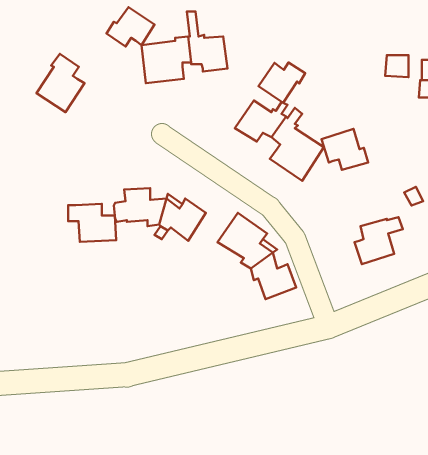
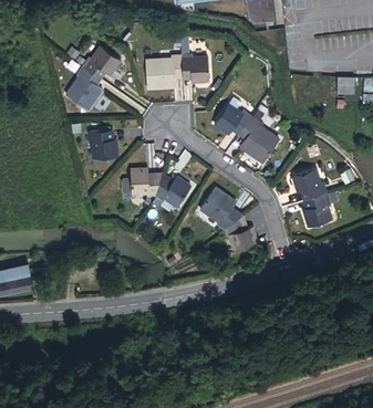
building: [106,7,155,47] -> [82,46,118,76]
building: [259,63,305,103] -> none
building: [321,129,368,170] -> [294,166,330,197]
building: [68,204,116,242] -> [84,129,121,158]

